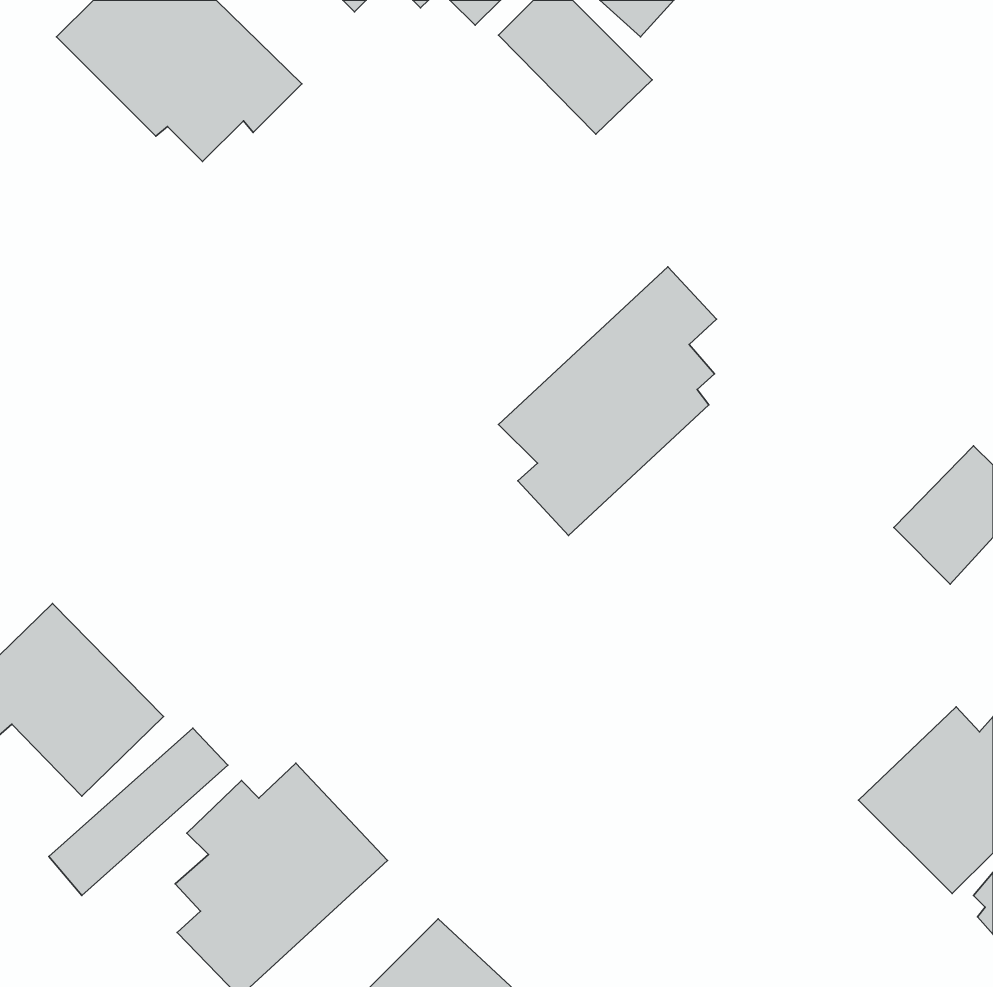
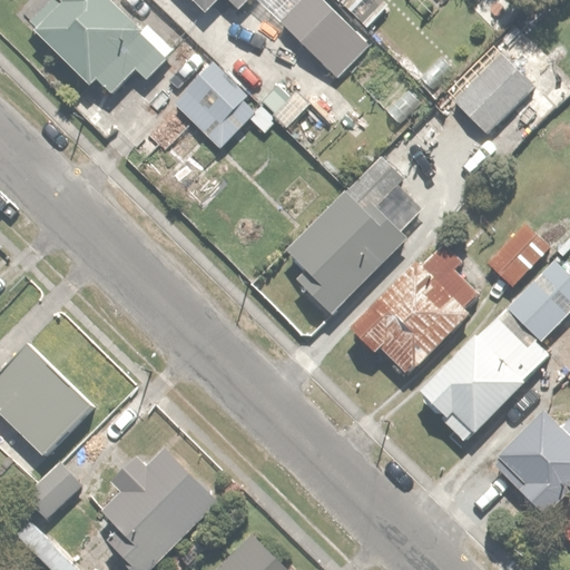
building: none -> [454,50,534,130]
building: none -> [176,61,277,154]
building: none -> [488,222,554,288]
building: none -> [352,244,490,375]
building: none -> [417,313,547,439]

